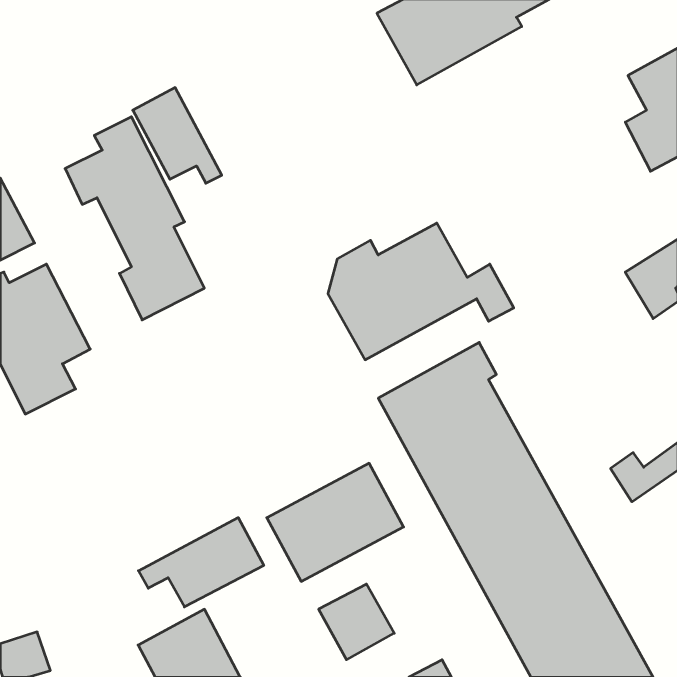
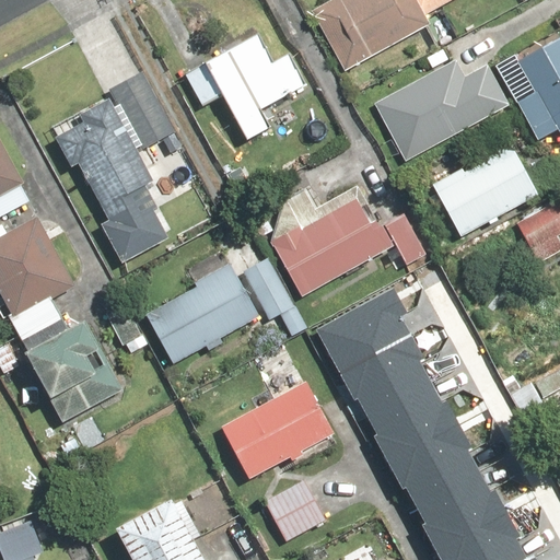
building: none -> [375,20,512,162]
building: none -> [186,34,310,141]
building: none -> [432,132,536,237]
building: none -> [144,249,259,364]
building: none -> [242,259,307,337]
building: none -> [23,319,121,422]
building: [138,518,264,607] -> none

